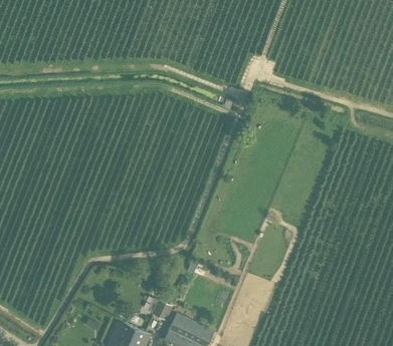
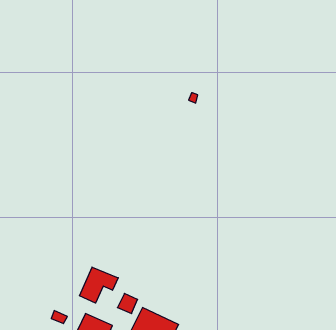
building: none -> [79,267,118,303]

